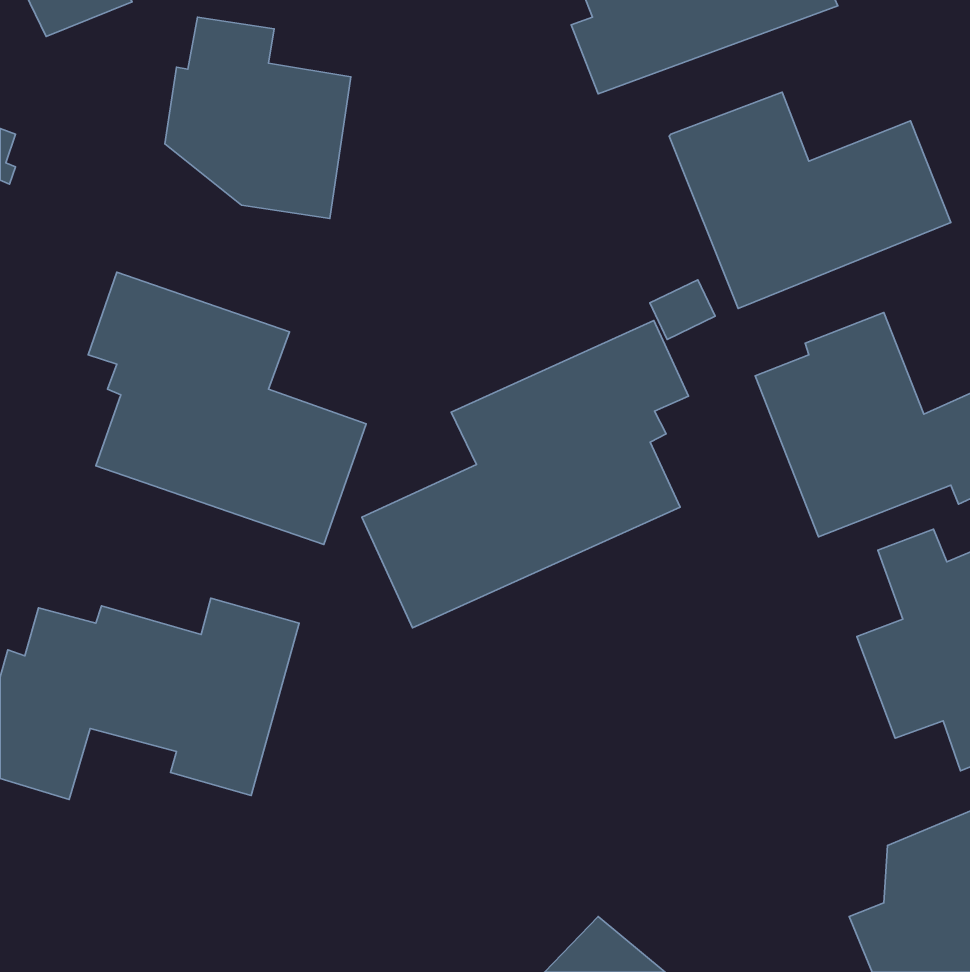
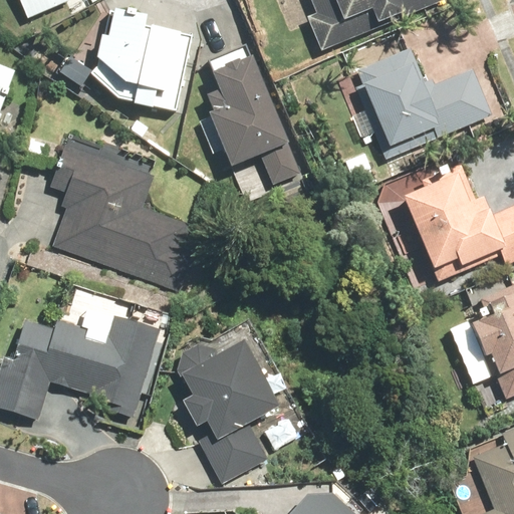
building: none -> [205,48,303,184]
building: [362,321,688,628] -> none
building: none -> [178,339,278,482]

